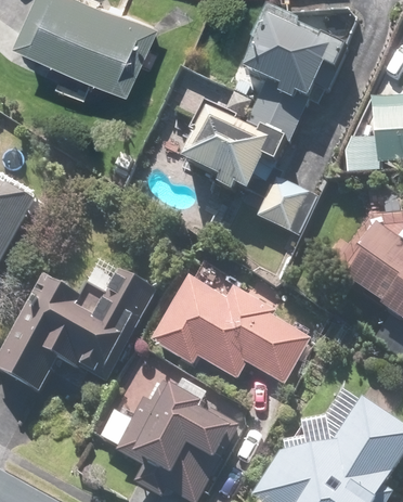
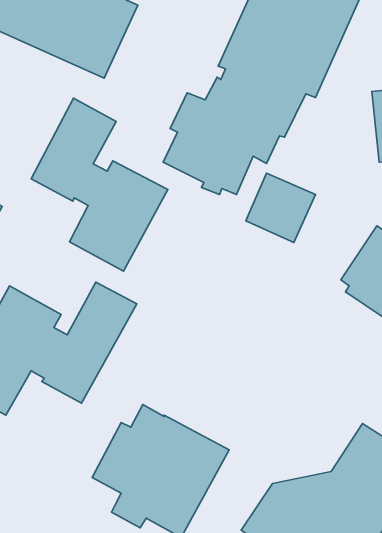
building: none -> [31,98,168,271]
building: [150,273,310,382] -> none

